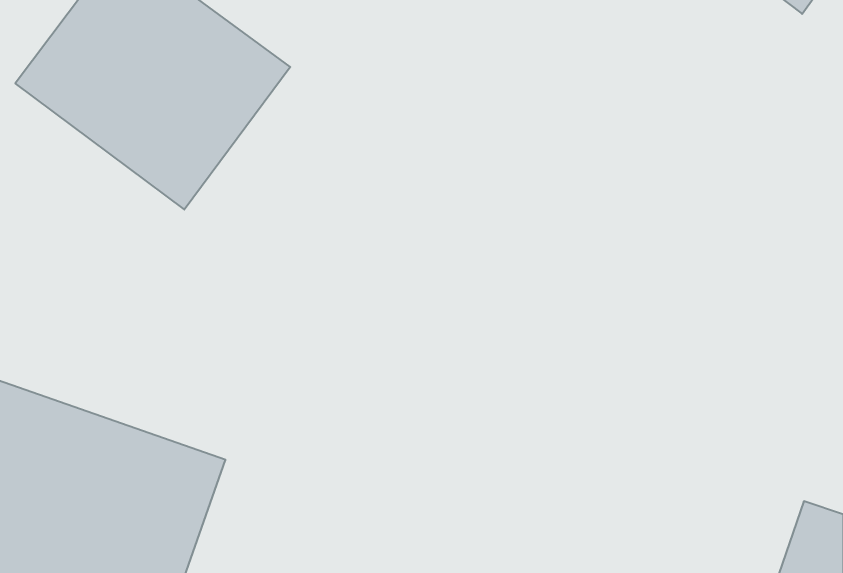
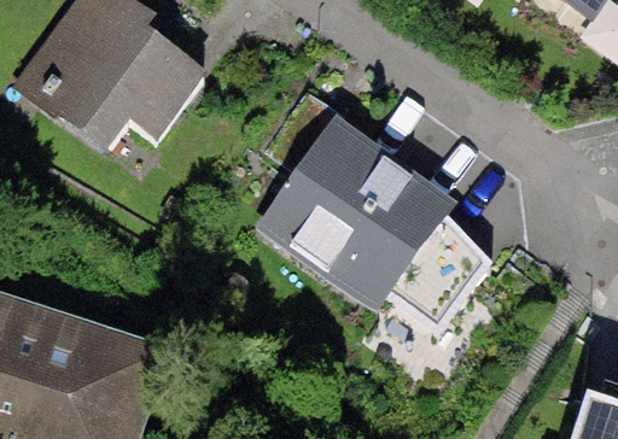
building: none -> [267,124,468,321]

